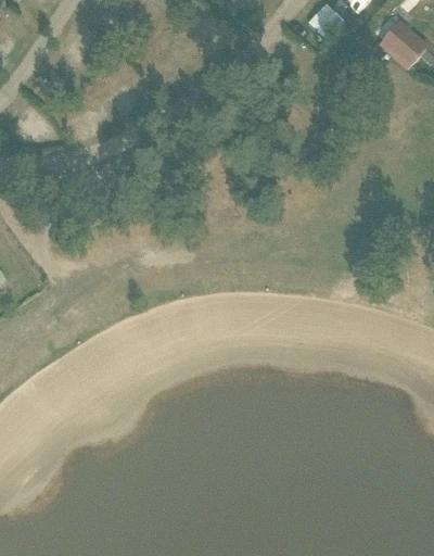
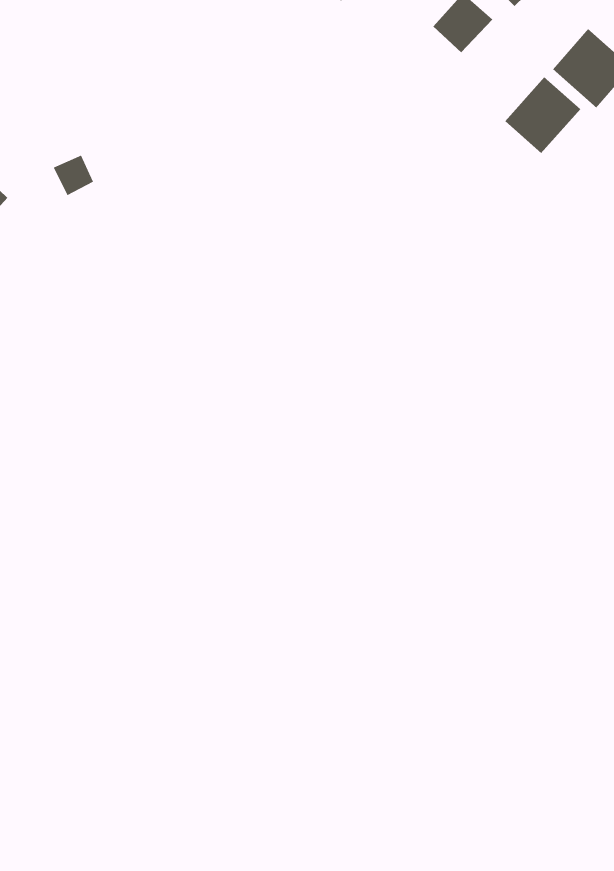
building: none -> [504,76,581,154]

